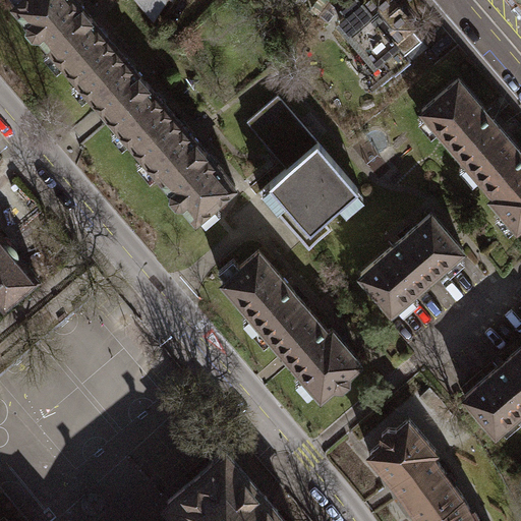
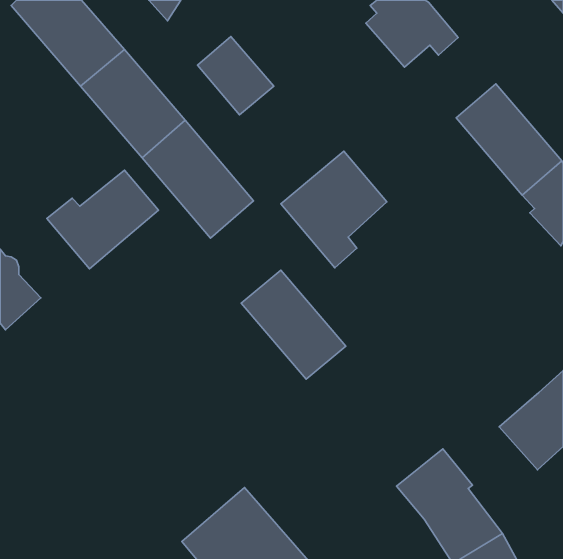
building: [247,98,317,170] -> [198,36,274,115]
building: none -> [47,170,158,269]
building: [359,214,464,314] -> none
building: [283,324,361,405] -> none

